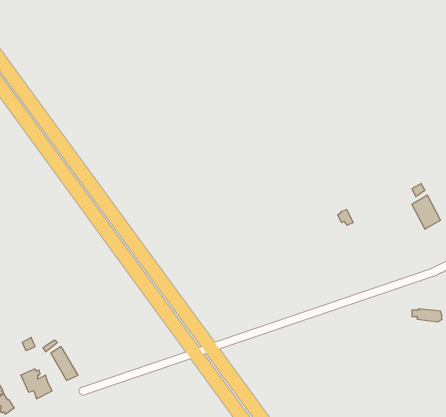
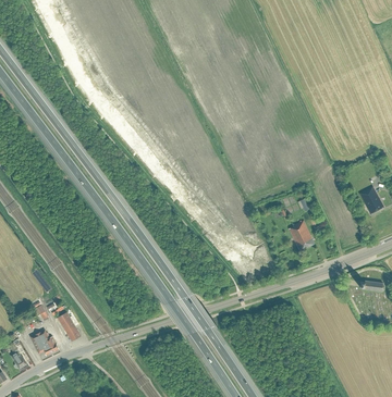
building: none -> [289,221,315,250]

